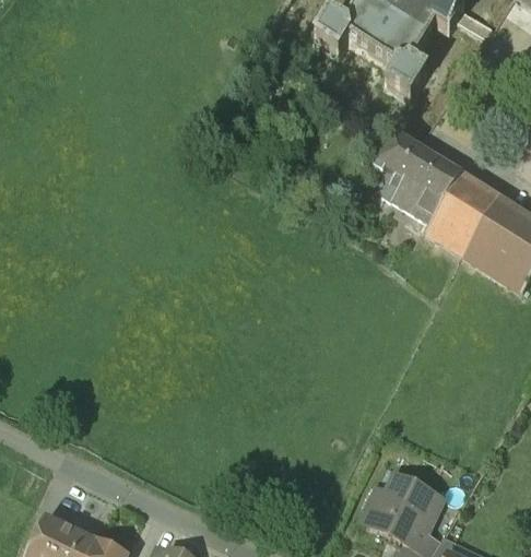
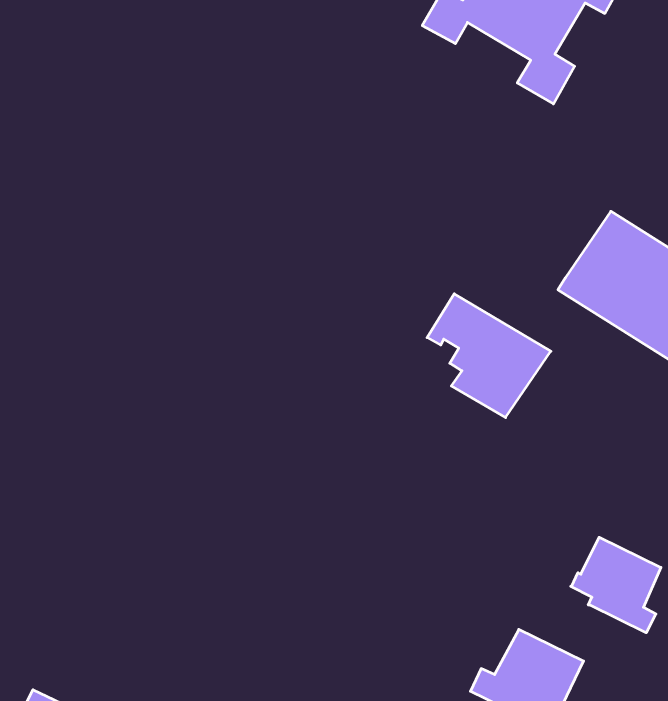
building: [373,131,462,221] -> [427,294,551,418]
building: none -> [571,537,661,633]

